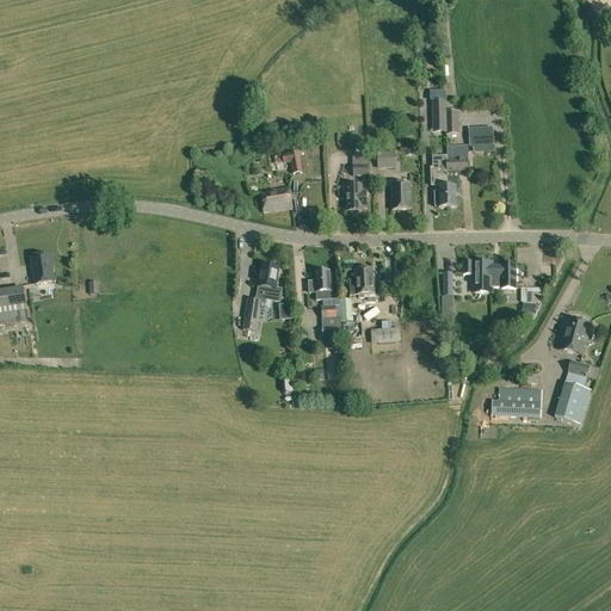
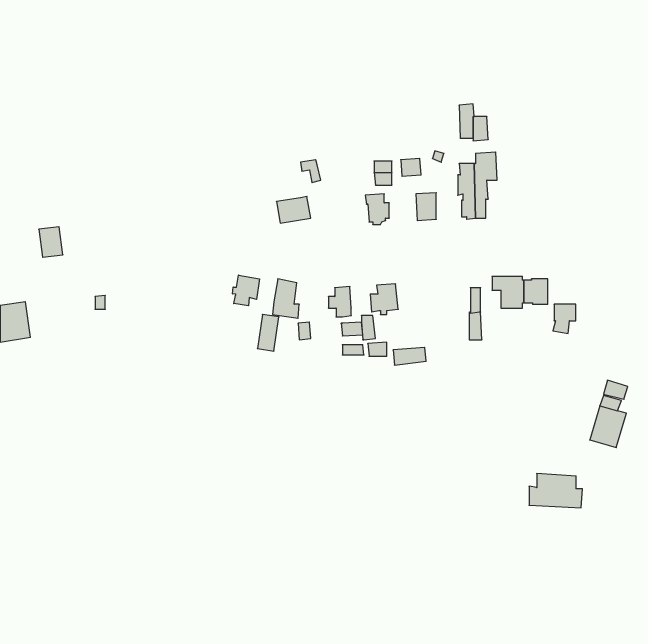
building: [469,125,495,150] -> none
building: [31,253,54,282] -> [39,227,63,257]
building: none -> [233,275,259,306]
building: [558,315,590,353] -> none
building: [492,385,542,418] -> [529,474,582,508]

